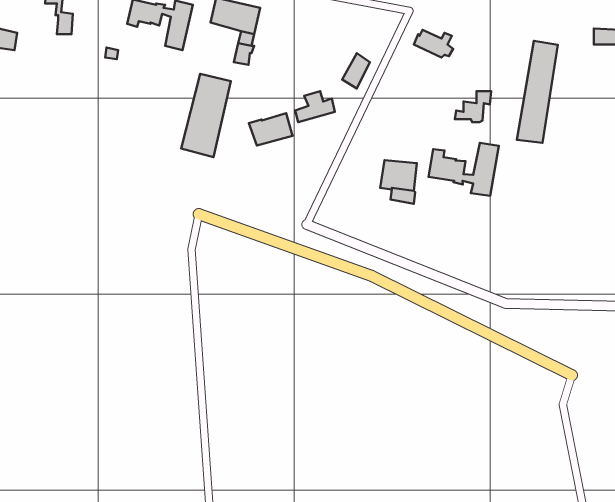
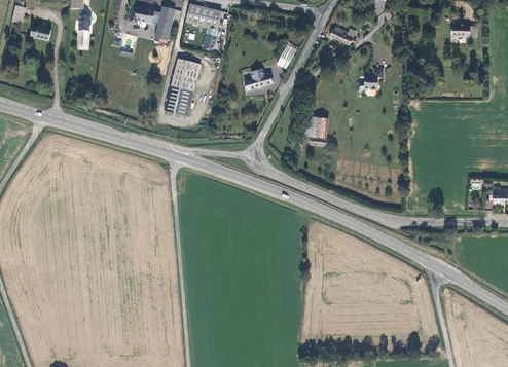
building: [517,41,558,143] -> none
building: [249,113,292,146] -> none
building: [429,143,499,196] -> none

